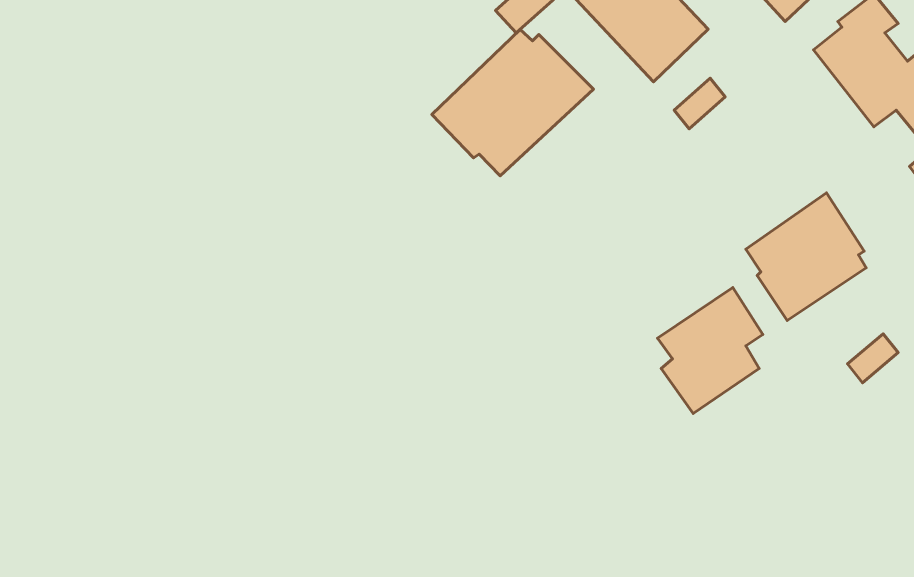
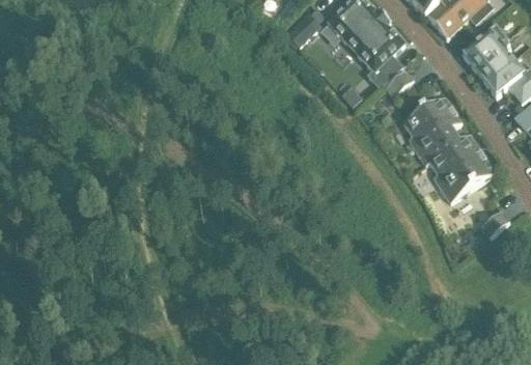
building: [432,30,593,176] -> none
building: [657,287,763,413] -> [403,95,462,165]

